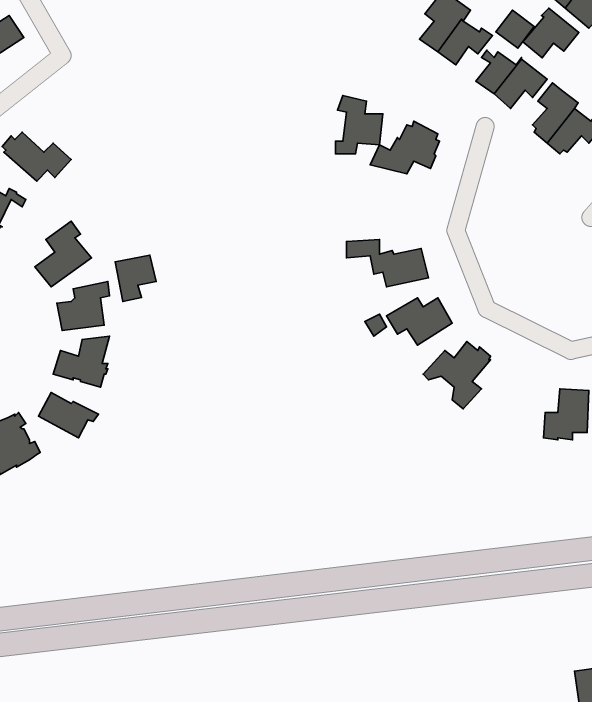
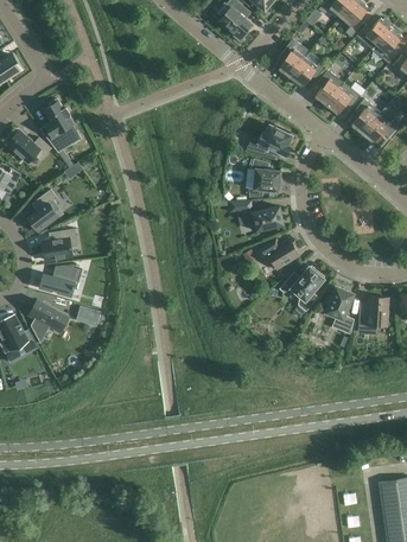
building: [523,8,579,58] -> none
building: none -> [40,98,74,152]
building: [336,96,383,154] -> [249,159,280,197]
building: [115,255,156,301] -> none
building: none -> [325,287,354,333]

